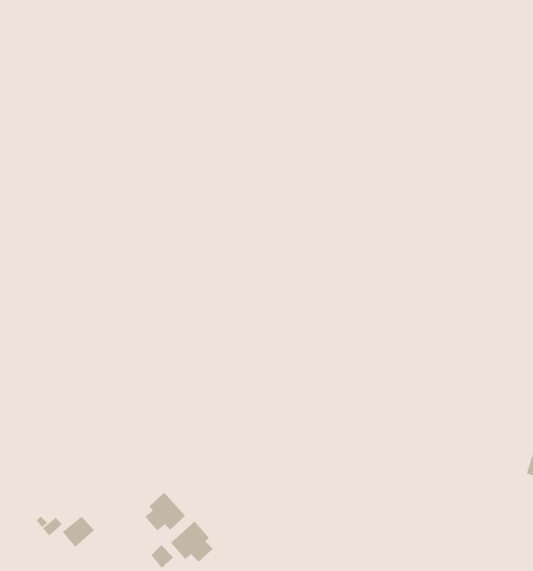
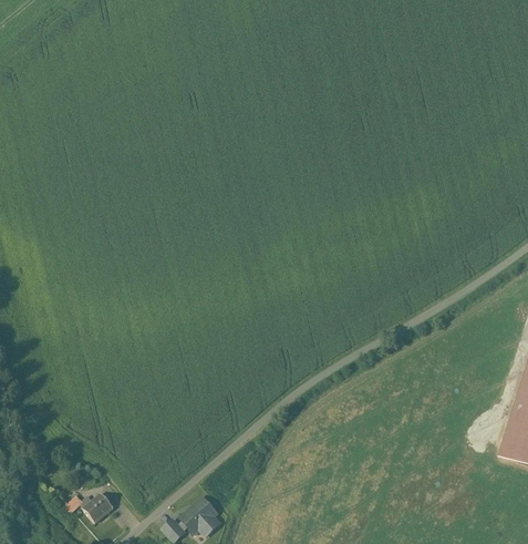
building: [144,492,186,531] -> none

